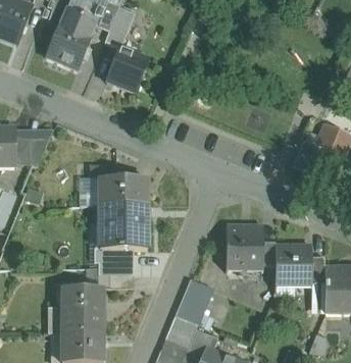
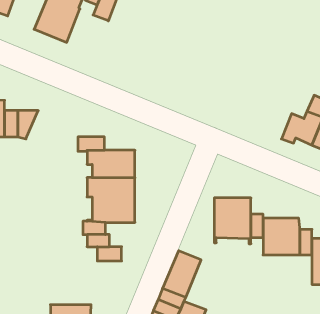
building: [105,47,148,93] -> none
building: [61,288,102,332] -> none

